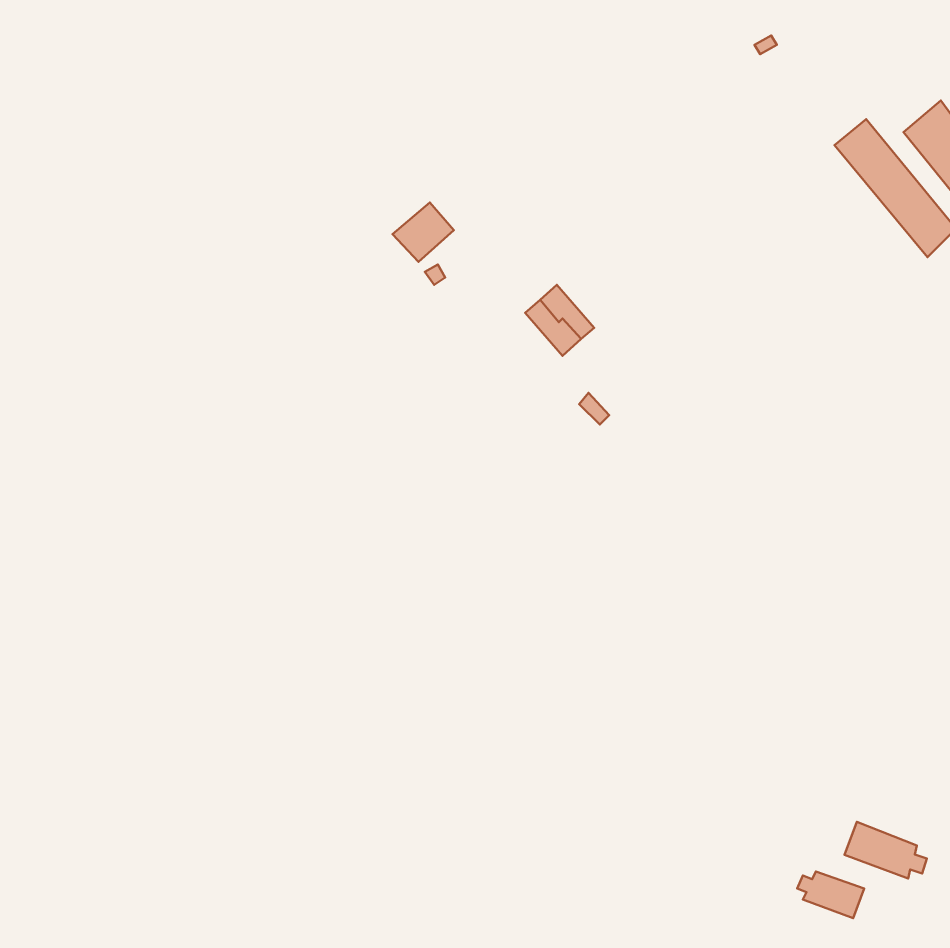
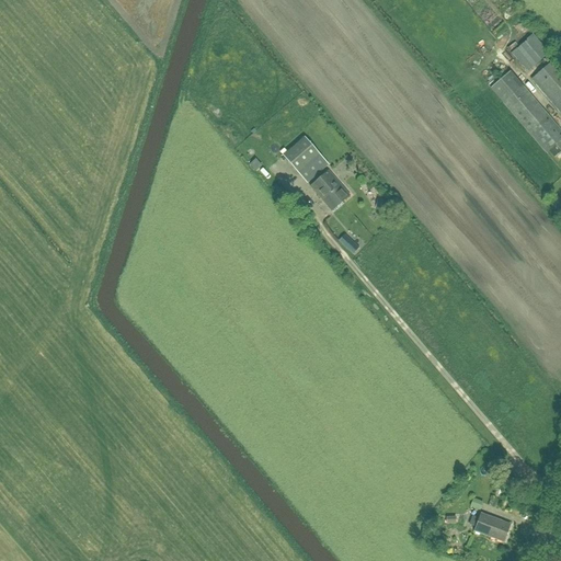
building: none -> [512,33,550,69]
building: [392,202,454,262] -> [283,136,319,171]
building: [845,822,927,878] -> none

